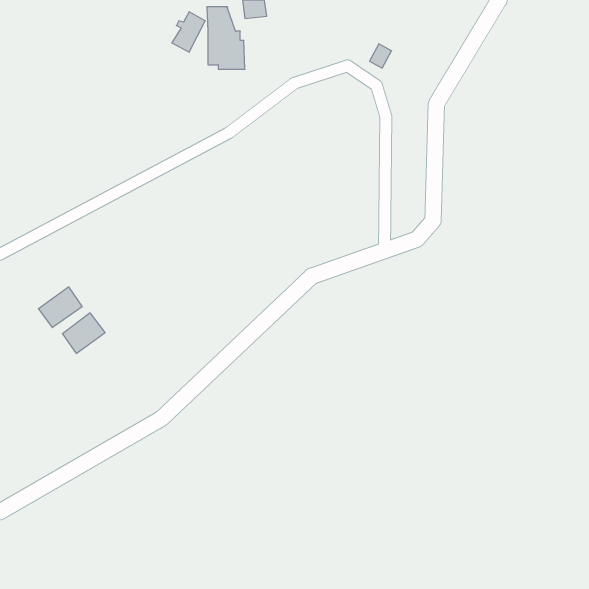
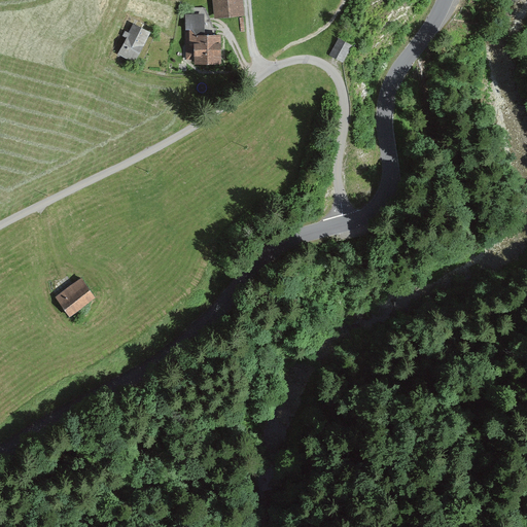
building: [172,12,205,52] -> [118,25,148,61]
building: [38,287,82,328] -> none

